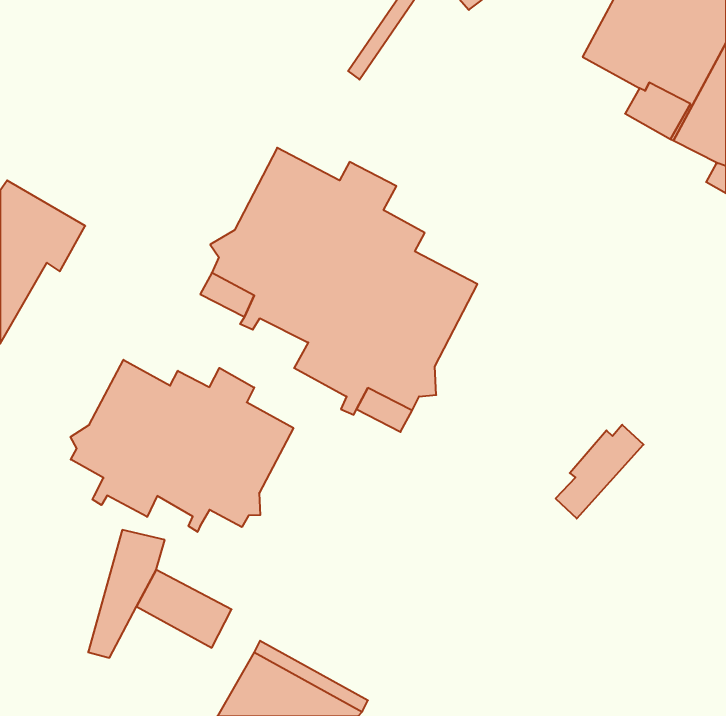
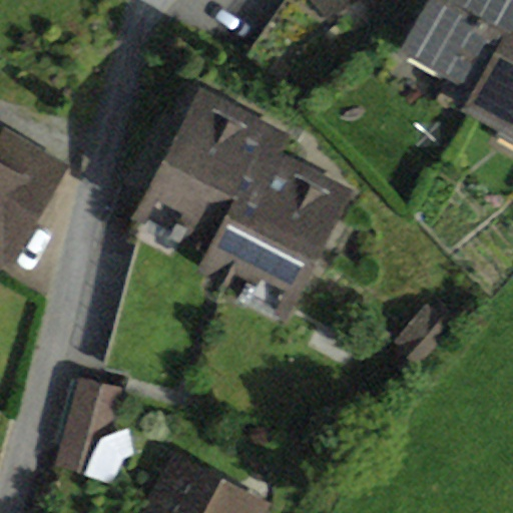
building: [71,360,293,532] -> none

